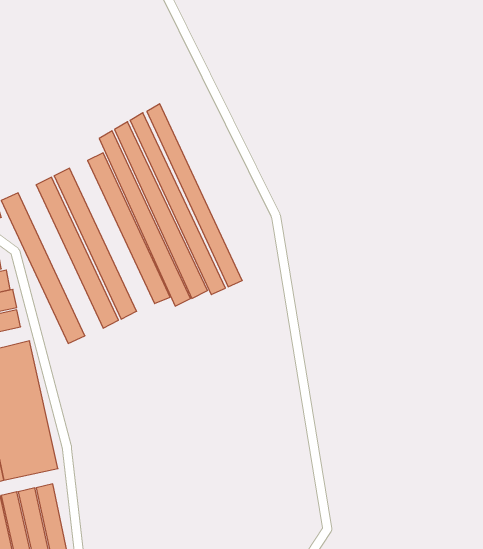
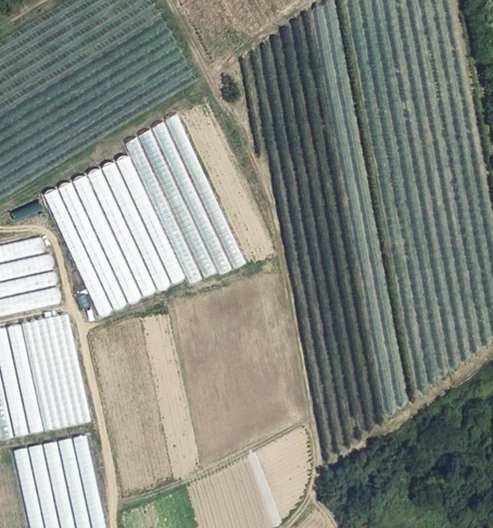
building: none -> [101,162,170,289]
building: none -> [56,181,127,309]

